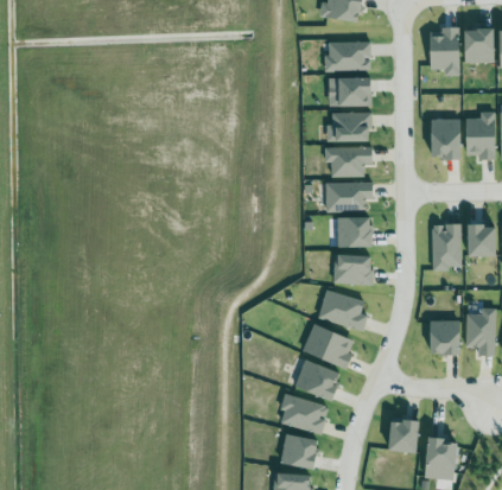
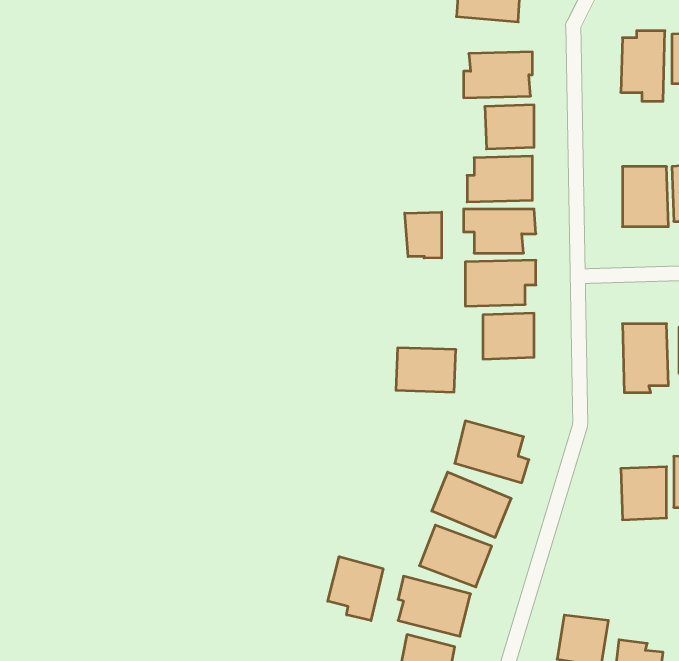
building: none -> [405,212,442,258]
building: [332,255,373,285] -> [396,348,456,392]
building: none -> [328,557,383,621]

